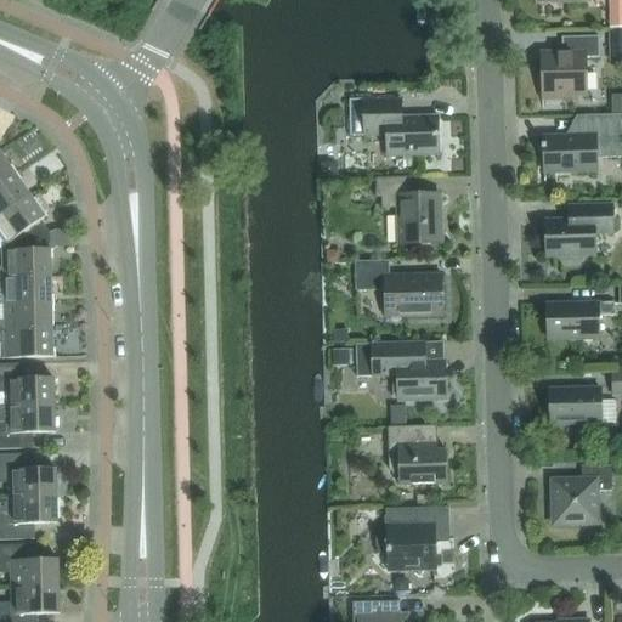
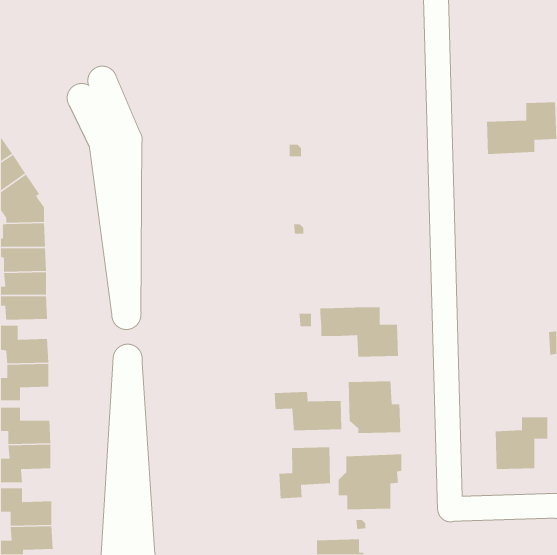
building: [541,35,599,98] -> none
building: [349,98,439,154] -> none
building: [375,176,441,244] -> none
building: [545,203,612,255] -> none
building: [355,260,442,316] -> none
building: [547,301,615,339] -> none
building: [549,386,615,424] -> none
building: none -> [274,391,342,431]
building: none -> [279,446,331,499]

